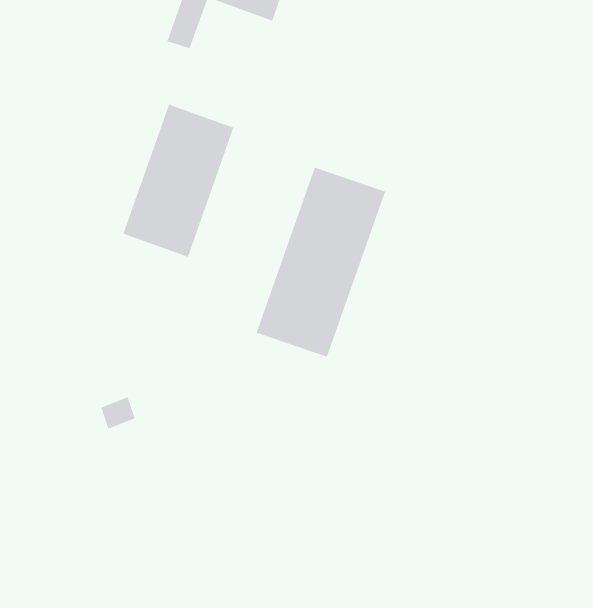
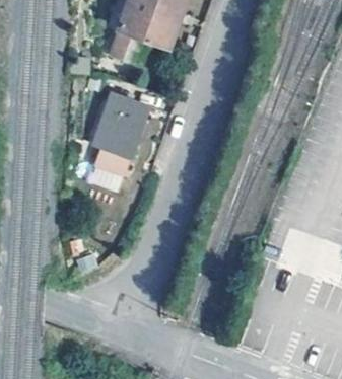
building: [256,167,386,357] -> none

